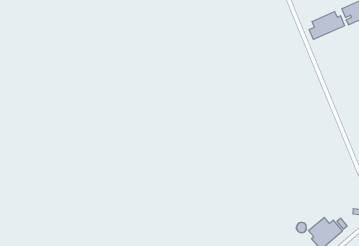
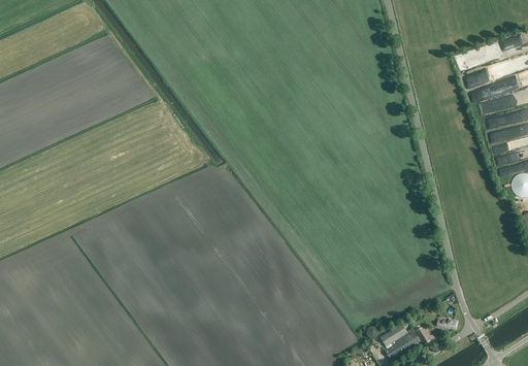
building: [309,11,345,39] -> none

